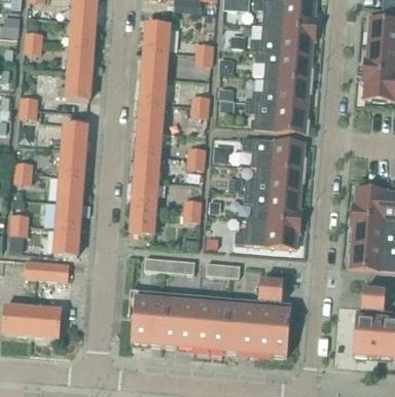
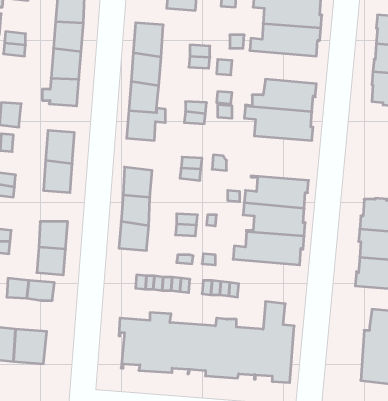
building: [250,49,313,80] -> none
building: [134,131,161,160] -> none
building: [242,138,306,170] -> none
building: [56,179,83,208] -> none

